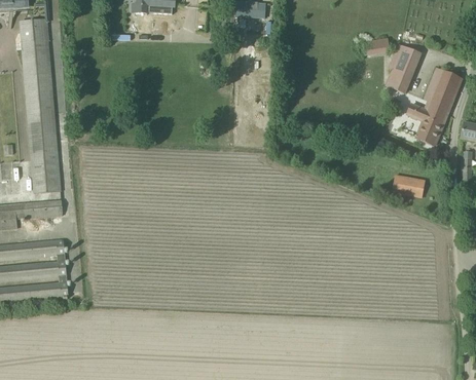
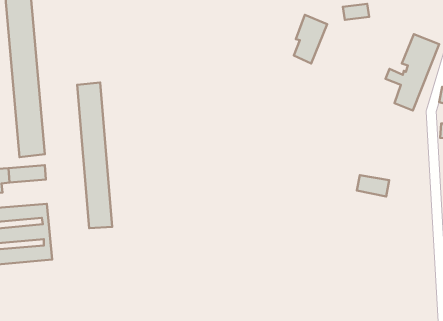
building: [386,43,419,92] -> [294,15,327,64]
building: none -> [77,83,112,228]
building: [392,175,425,196] -> [357,175,389,196]

